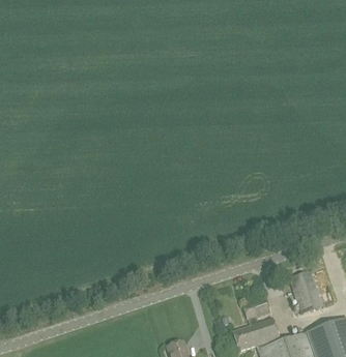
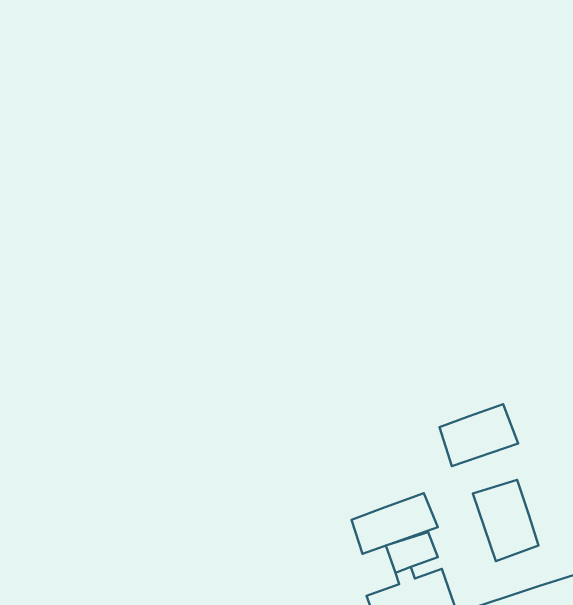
building: none -> [439,404,518,466]
building: none -> [351,493,438,554]

